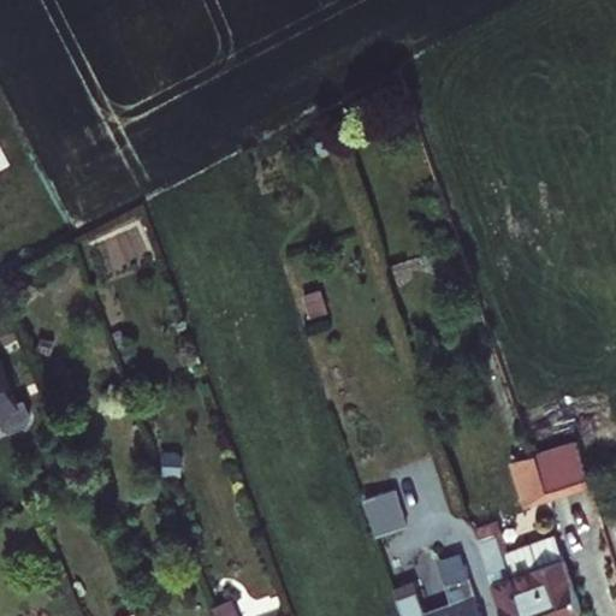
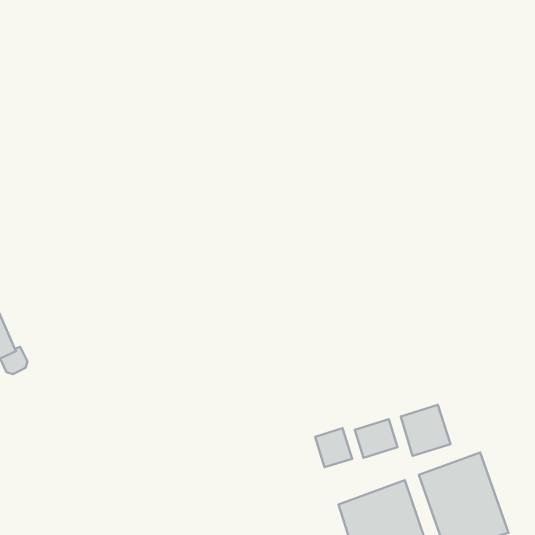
building: [529,446,586,504] -> [401,405,451,456]
building: none -> [355,419,398,458]

